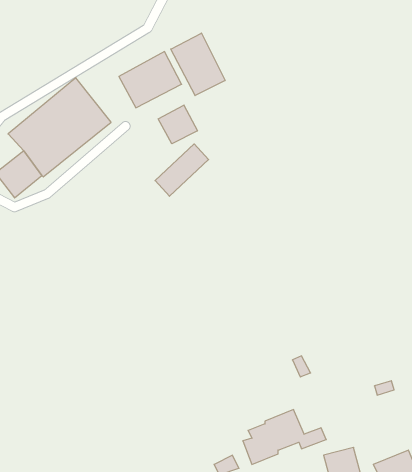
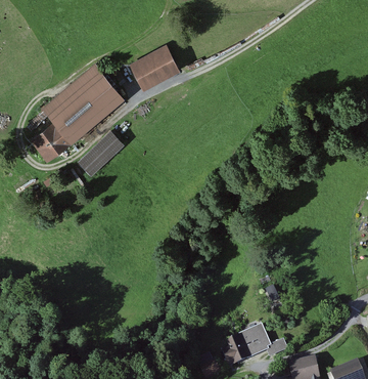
building: [171,33,225,96] -> none
building: [158,105,197,144] -> none
building: [155,144,209,196] -> [79,133,121,174]

